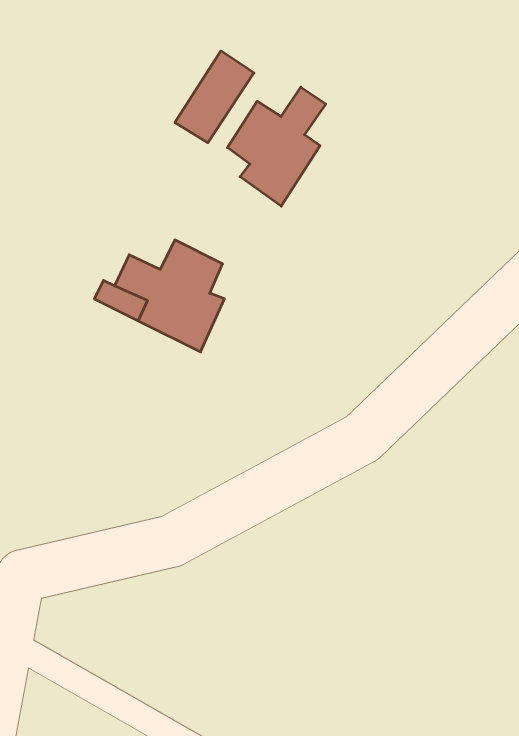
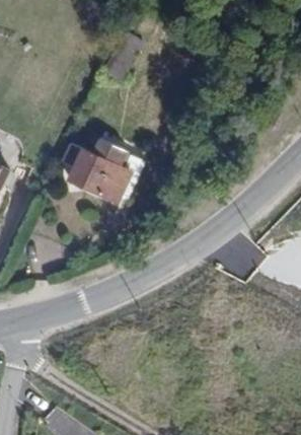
building: [227,87,326,206] -> none

